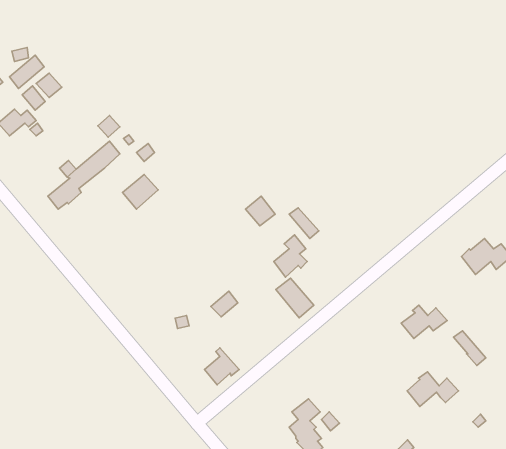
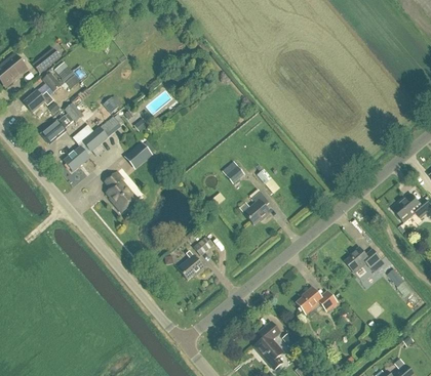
building: none -> [41,102,83,142]
building: none -> [105,171,134,211]
building: [276,278,314,318] -> none
building: [204,348,239,385] -> [177,250,204,280]
building: [407,372,458,406] -> [296,287,337,315]

